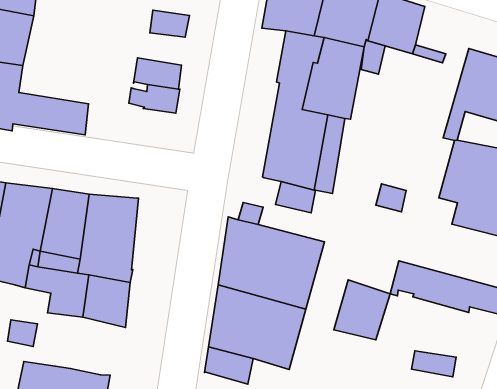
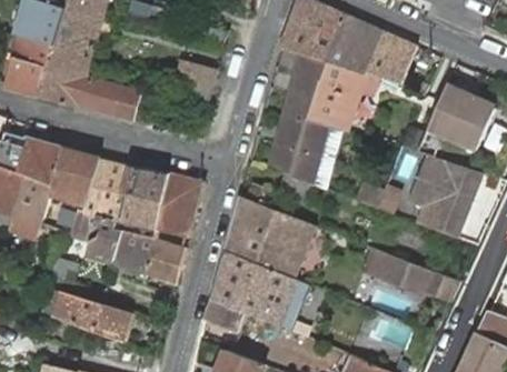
building: none -> [157,173,203,238]
building: [334,280,390,340] -> none
building: none -> [147,240,185,283]

